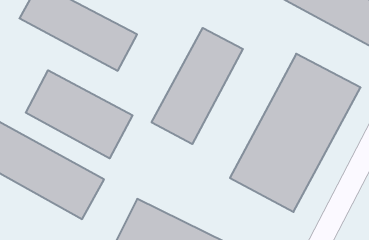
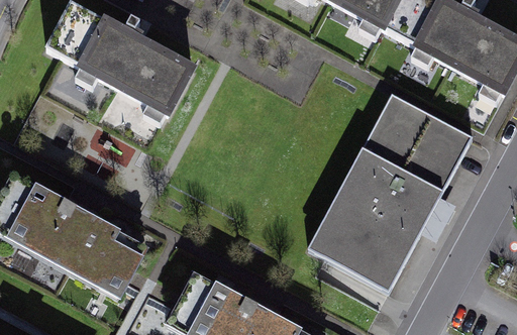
building: [152,28,243,144] -> none
building: [26,70,133,158] -> none

